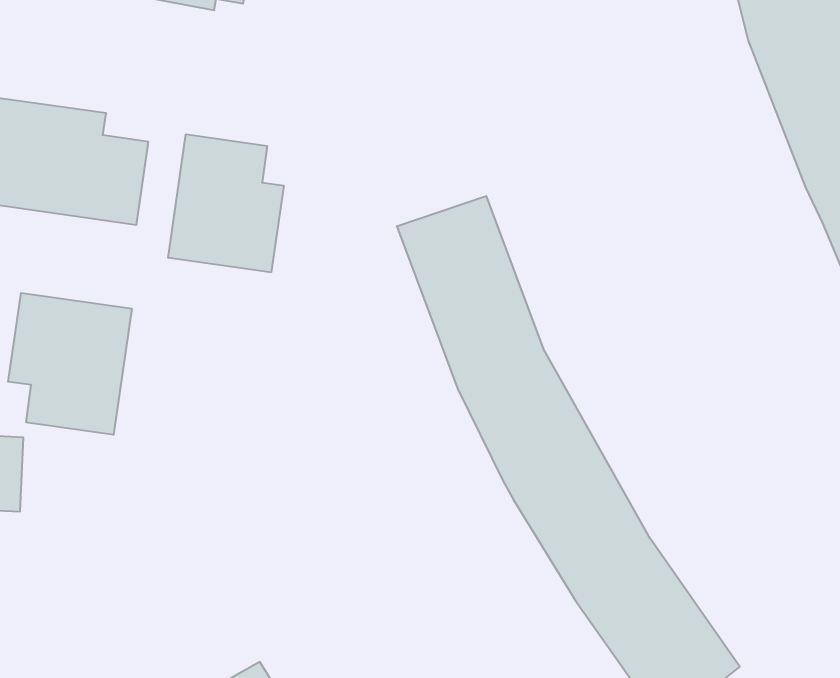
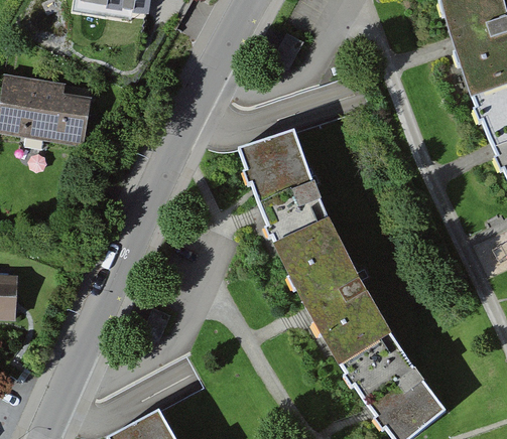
building: [168,134,284,272] -> none
building: [8,293,132,435] -> none

